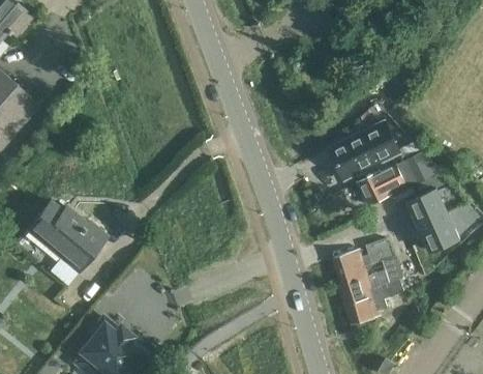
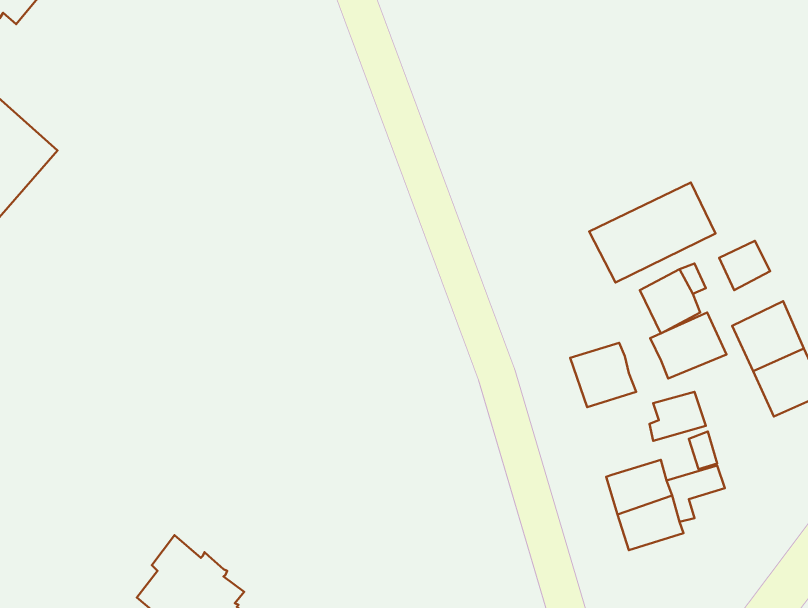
building: none -> [650,313,726,378]
building: [26,202,105,270] -> none
building: [332,249,368,284] -> [570,343,636,407]

